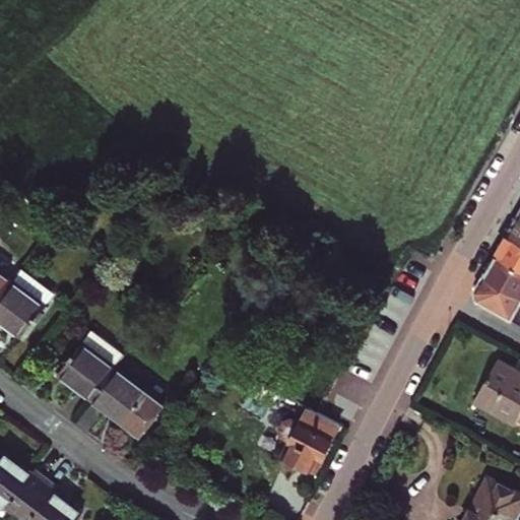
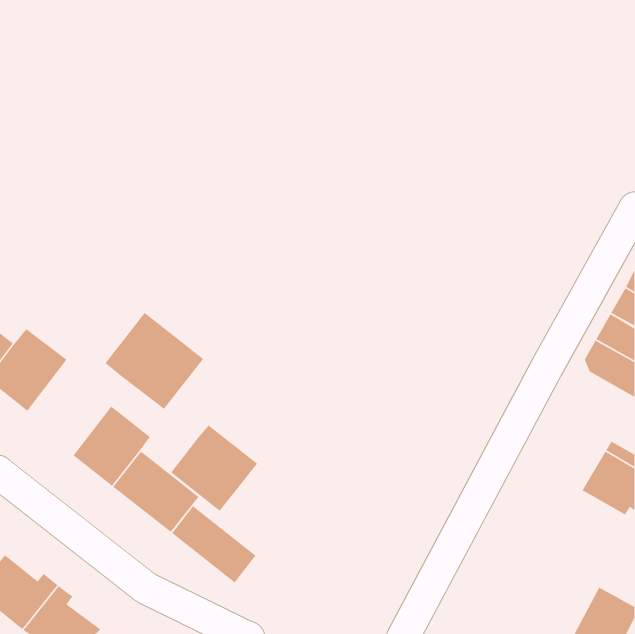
building: none -> [105,312,204,410]
building: none -> [170,424,258,512]
building: [279,413,337,472] -> none
building: none -> [171,505,257,583]

